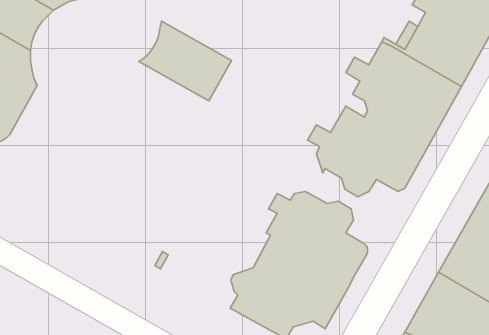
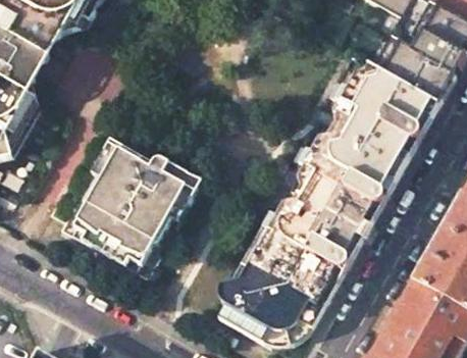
building: [139,21,232,101] -> none
building: none -> [72,138,202,269]
building: none -> [295,185,382,265]

